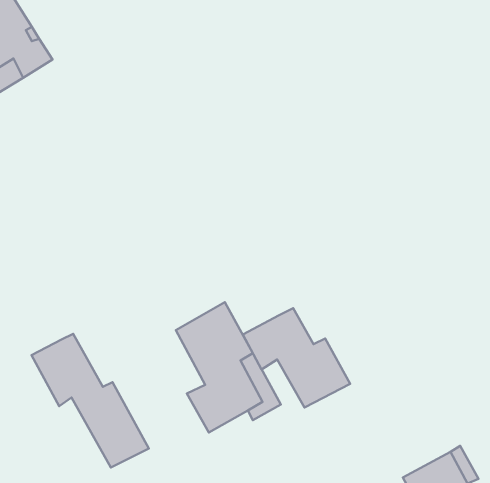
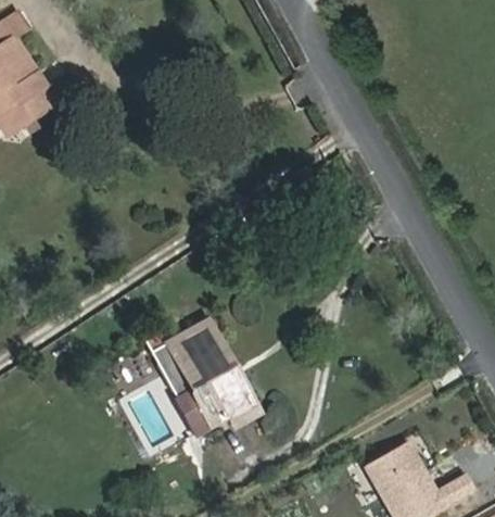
building: [243,308,350,408] -> none
building: [31,334,149,468] -> none

